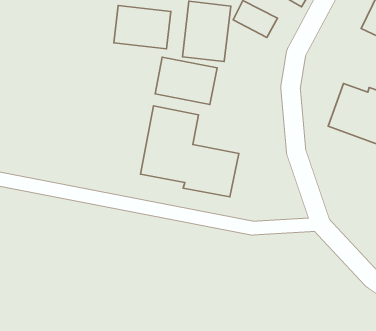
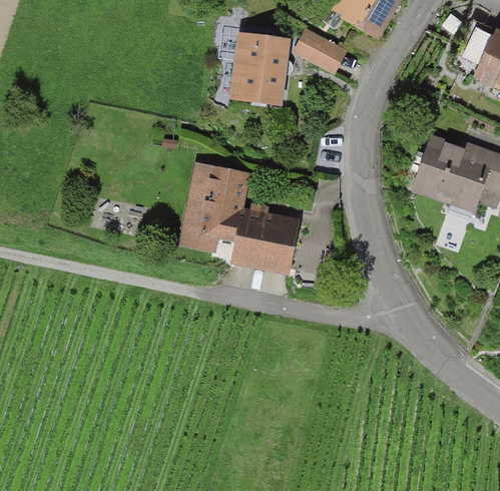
building: [114,5,171,49] -> none
building: [155,57,217,104] -> none

